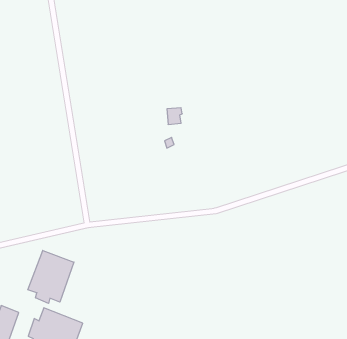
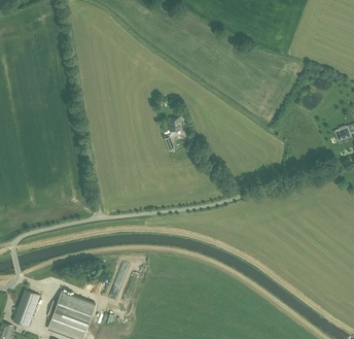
building: [28,250,74,303] -> none

